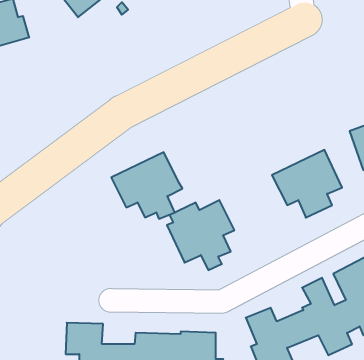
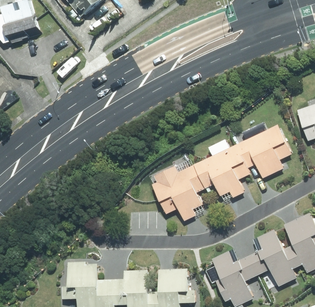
building: [111,152,182,219] -> [192,143,249,196]

